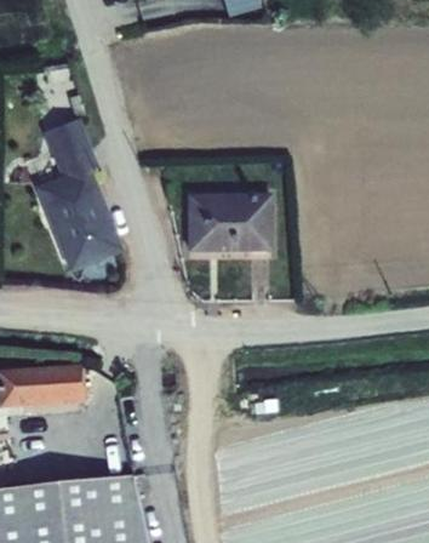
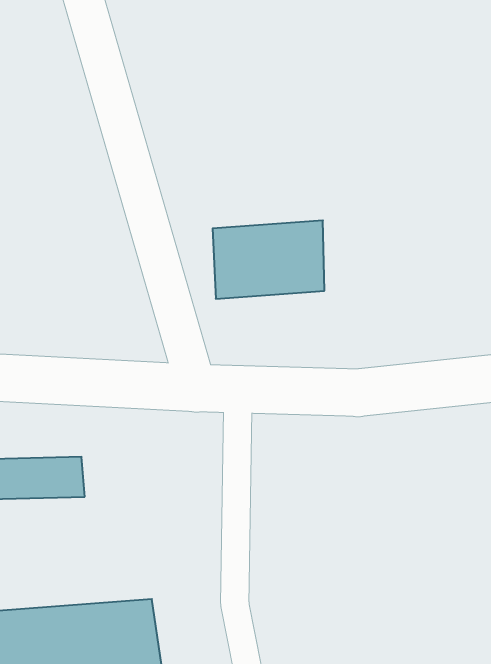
building: [38,130,111,267] -> none

